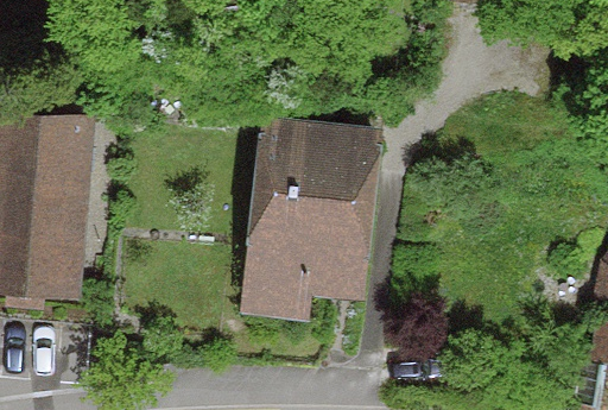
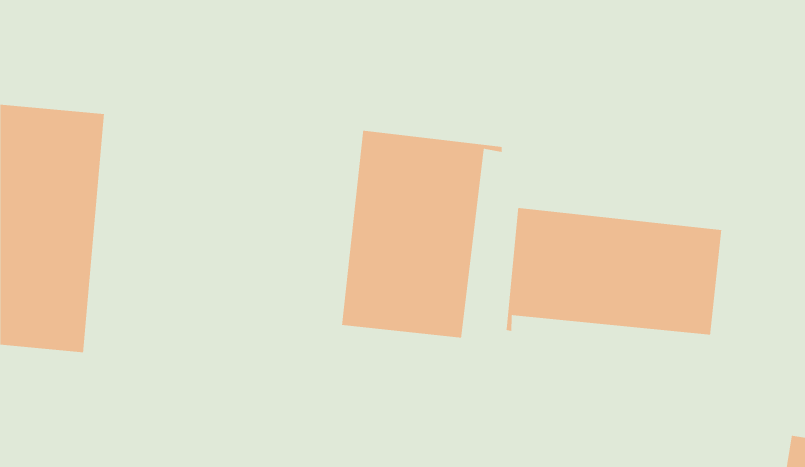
building: none -> [505,207,722,335]

